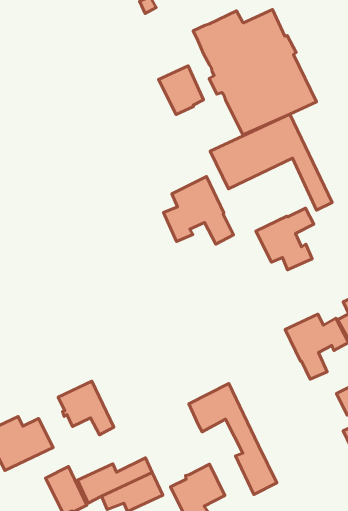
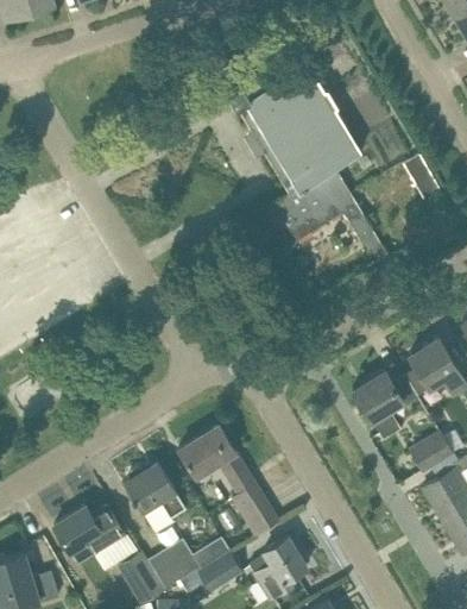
building: [159,66,204,114] -> none
building: [163,176,233,244] -> none
building: [256,208,314,270] -> none
building: [189,384,277,495] -> [179,425,278,536]

